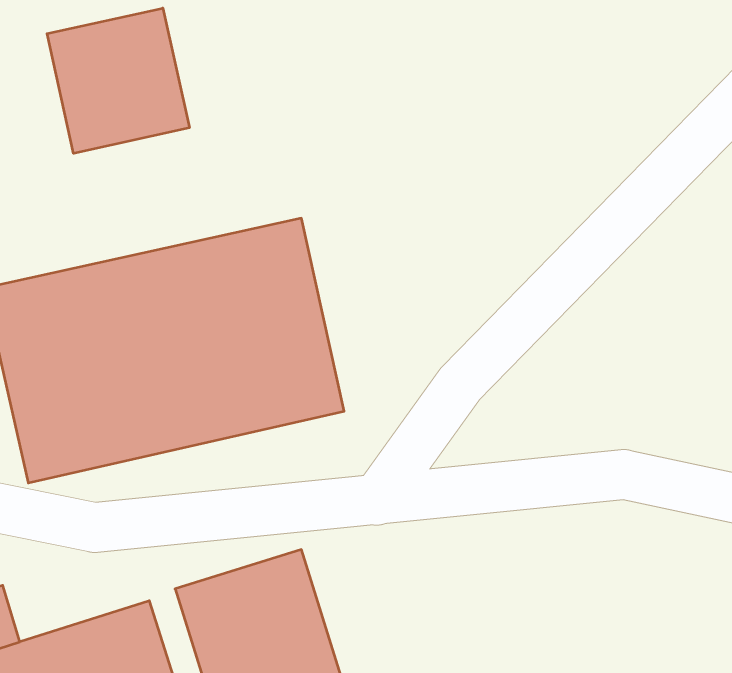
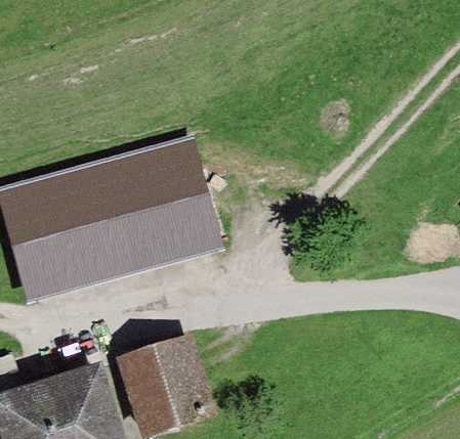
building: [47,8,189,153] -> none

